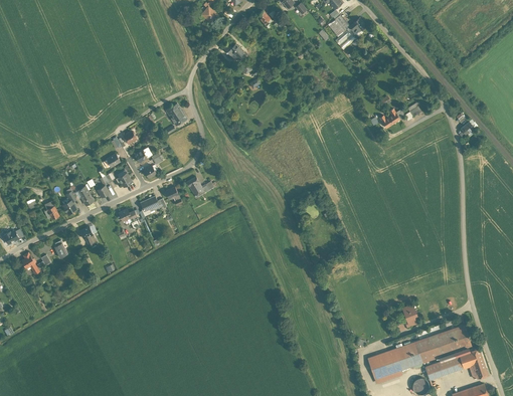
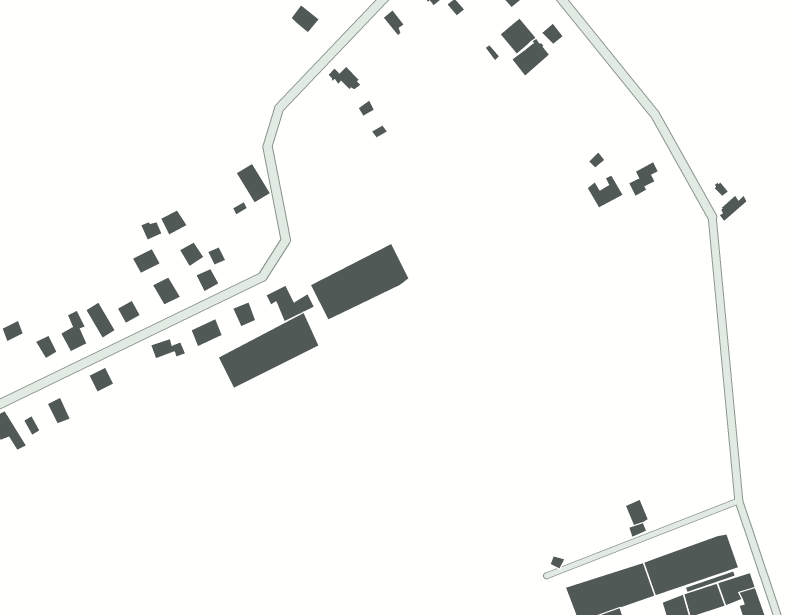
building: none -> [310,243,409,320]
building: none -> [218,312,319,388]

